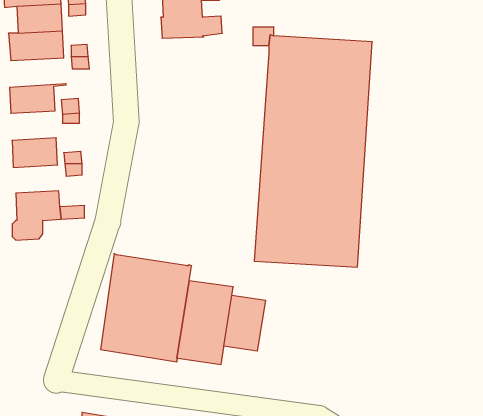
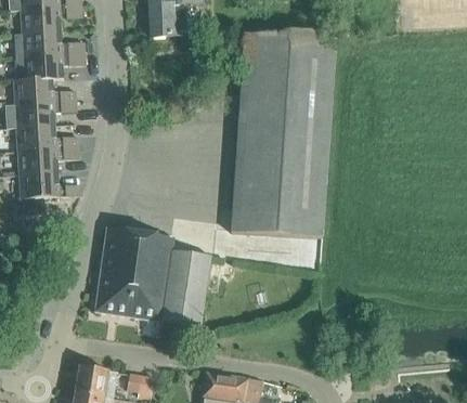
building: none -> [14,53,64,79]
building: none -> [15,100,55,126]
building: none -> [17,147,57,172]
building: [224,295,265,351] -> none

